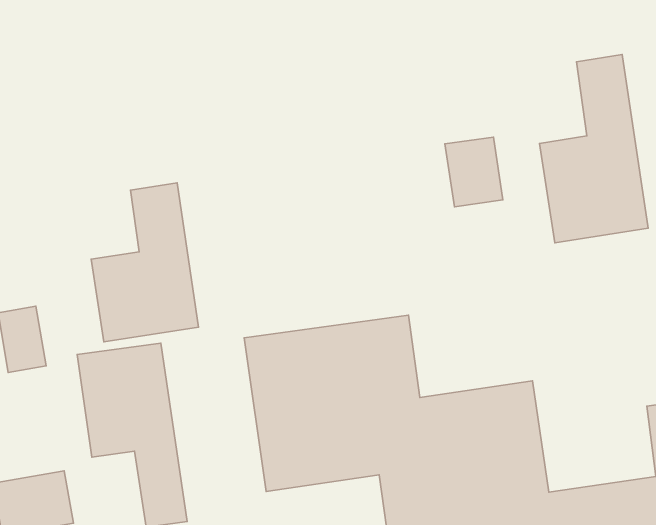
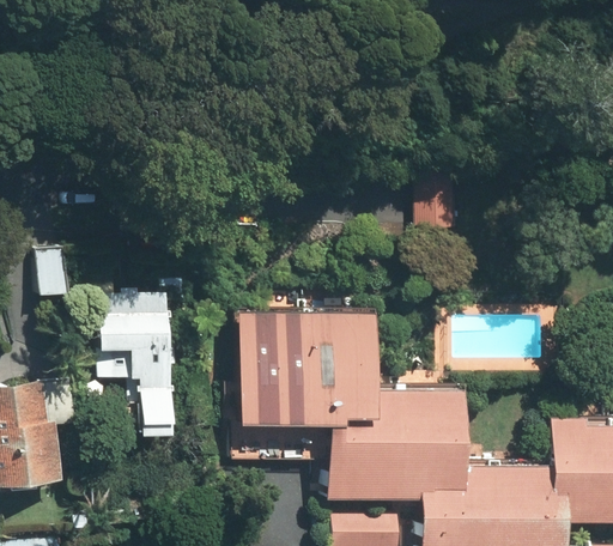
building: [540,55,648,243] -> none
building: [91,183,199,342] -> none

